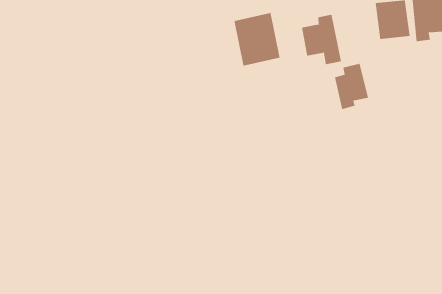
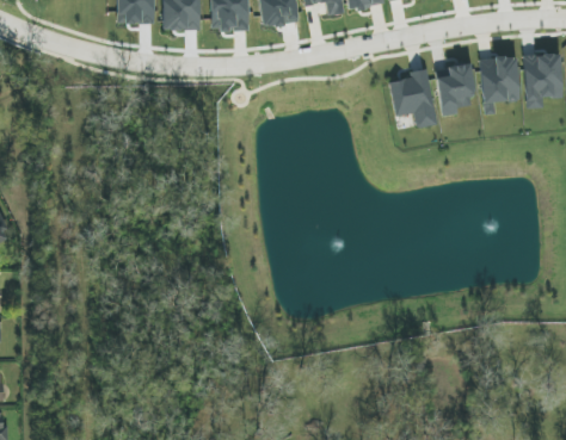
building: [234,12,280,67] -> none
building: [334,63,369,110] -> [436,62,475,116]

